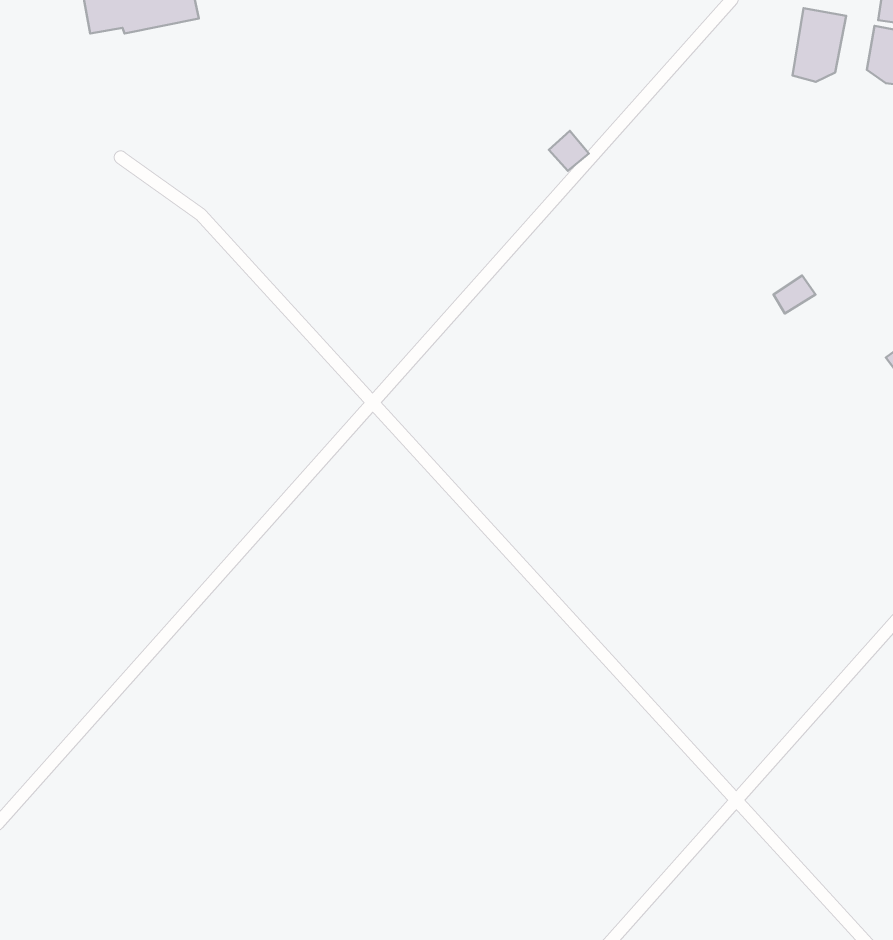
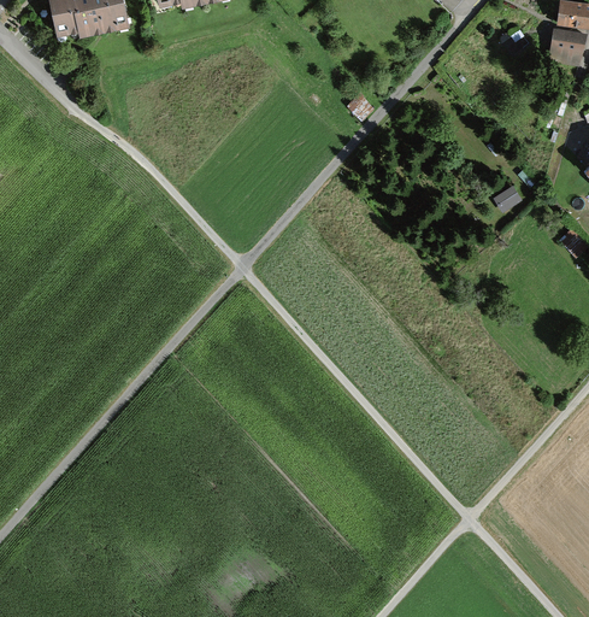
building: [793,8,846,82] -> none

